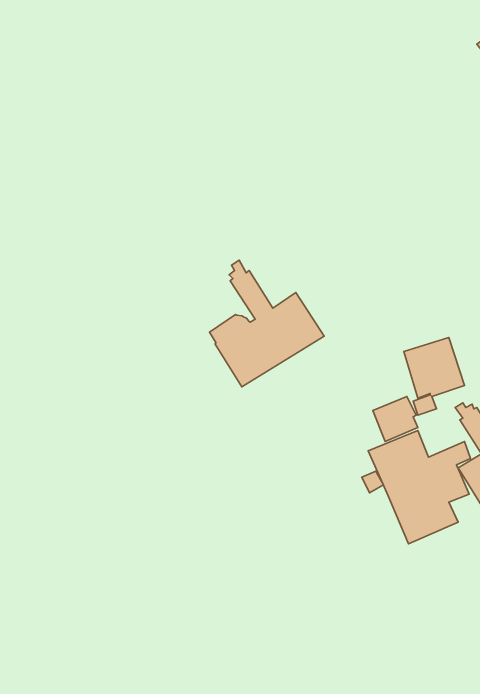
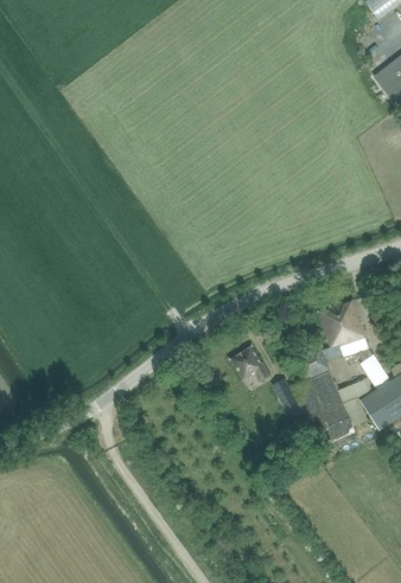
building: [210,260,324,387] -> none
building: none -> [231,346,270,380]

